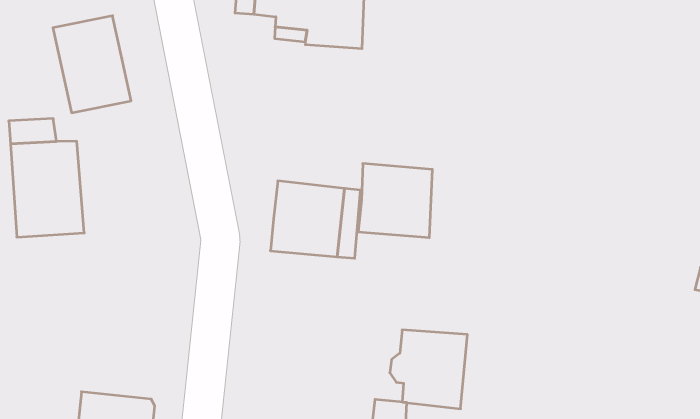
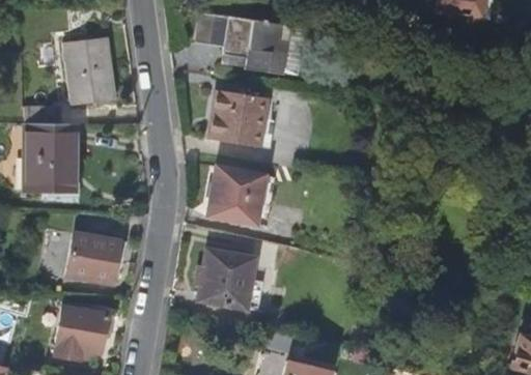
building: [358,164,432,238] -> [208,90,266,147]
building: none -> [65,232,127,285]
building: [390,330,467,409] -> [196,250,254,310]

